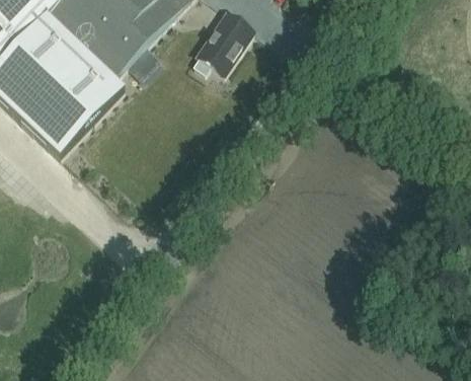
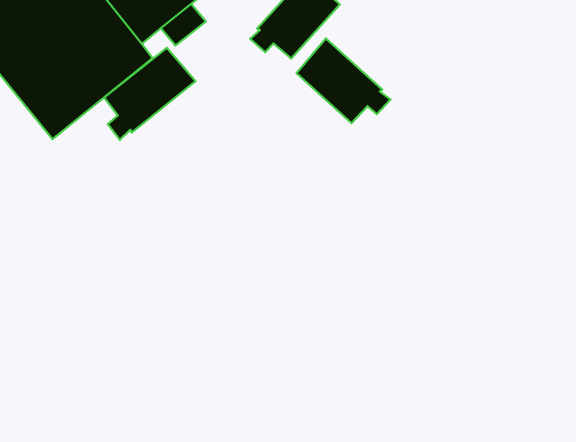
building: none -> [296,39,391,123]
building: none -> [104,48,196,140]

